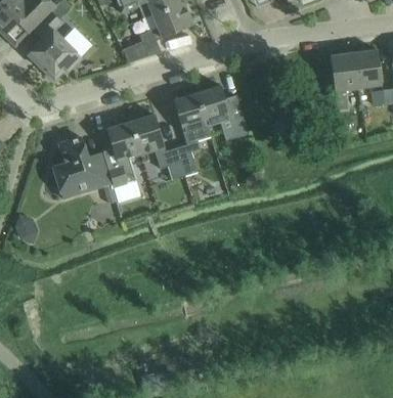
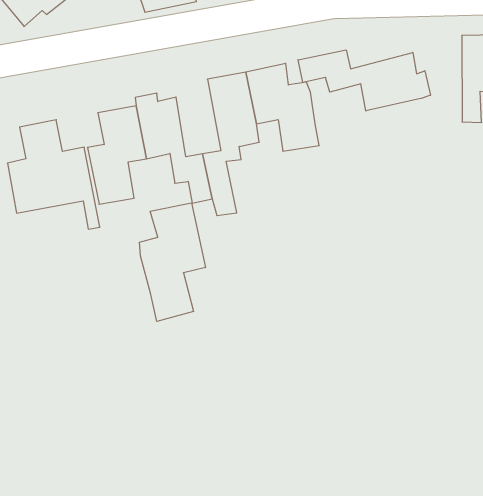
building: none -> [298,50,430,111]
building: none -> [139,203,205,321]

